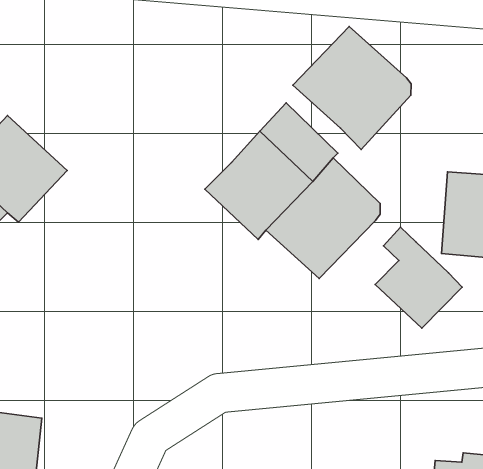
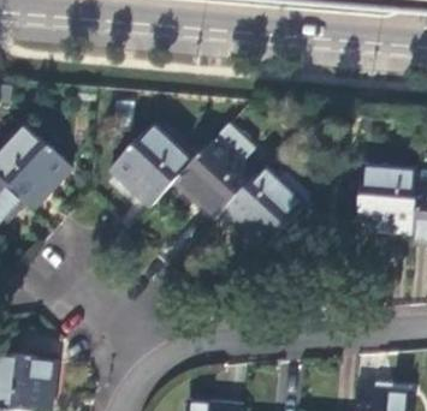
building: [293,26,411,149] -> none
building: none -> [109,120,196,207]
building: [375,227,462,328] -> none

